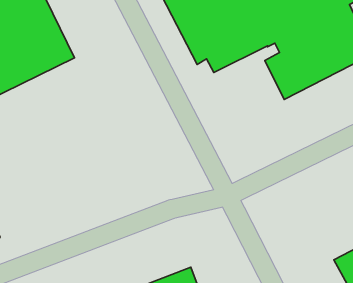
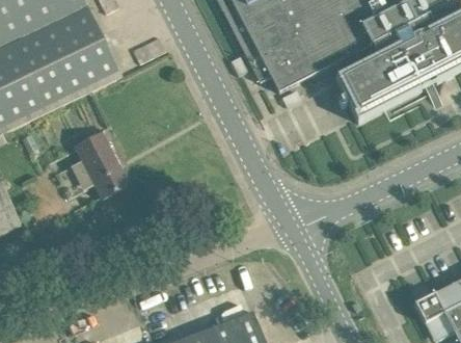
building: none -> [72,128,131,196]

